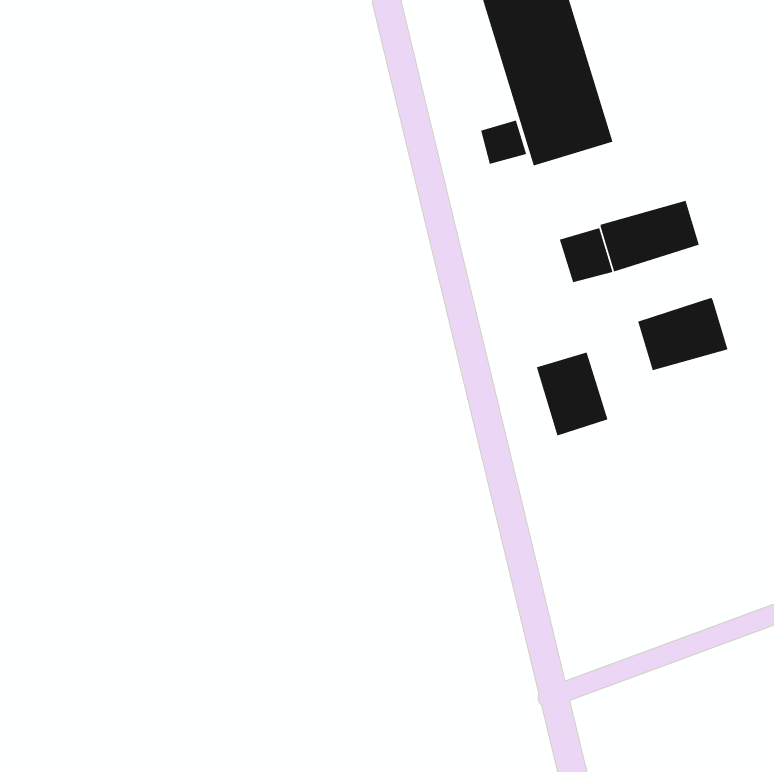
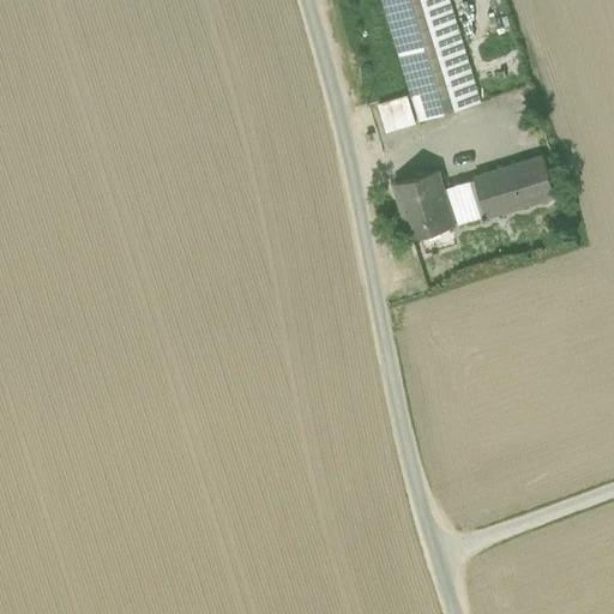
building: [637,297,729,371] -> none
building: [536,352,608,436] -> [396,170,453,237]

